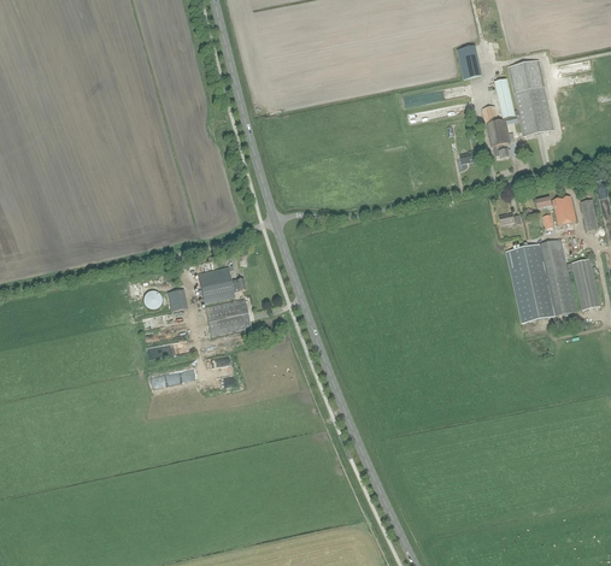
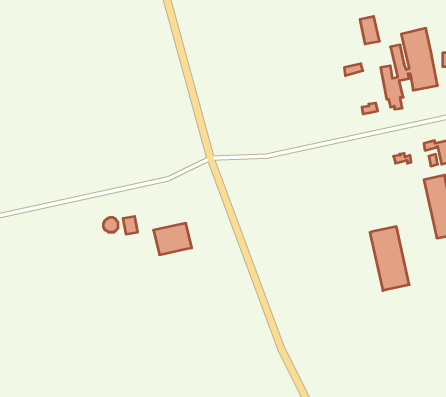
building: [504,244,552,323] -> [370,227,409,291]
building: [198,266,246,303] -> none

